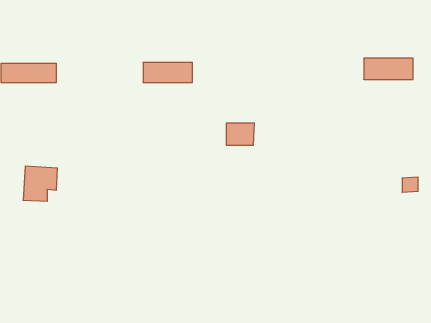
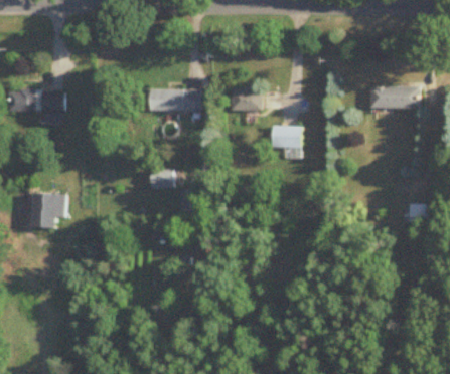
building: none -> [231,88,261,110]
building: [226,123,254,145] -> [273,126,301,148]
building: none -> [150,169,172,188]

